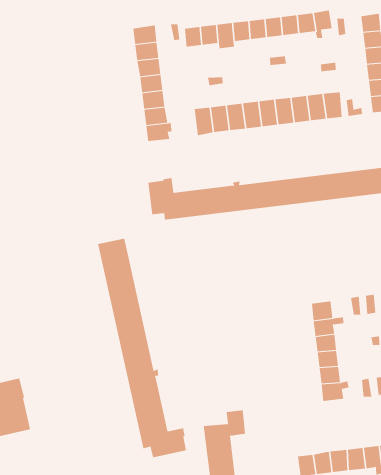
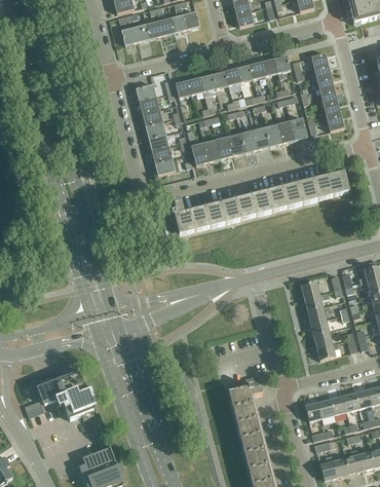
building: [98,238,187,458] -> none

